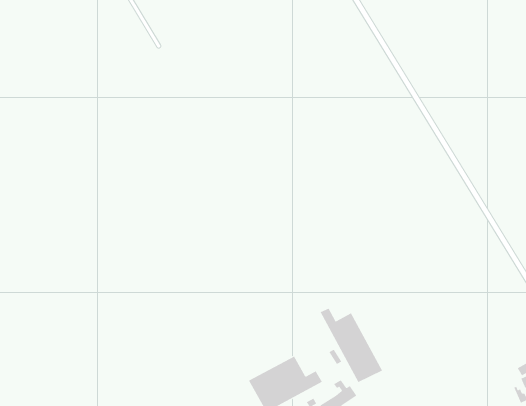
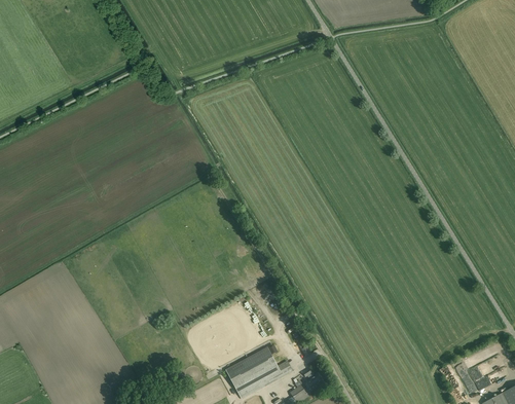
building: [320,308,383,383] -> none

